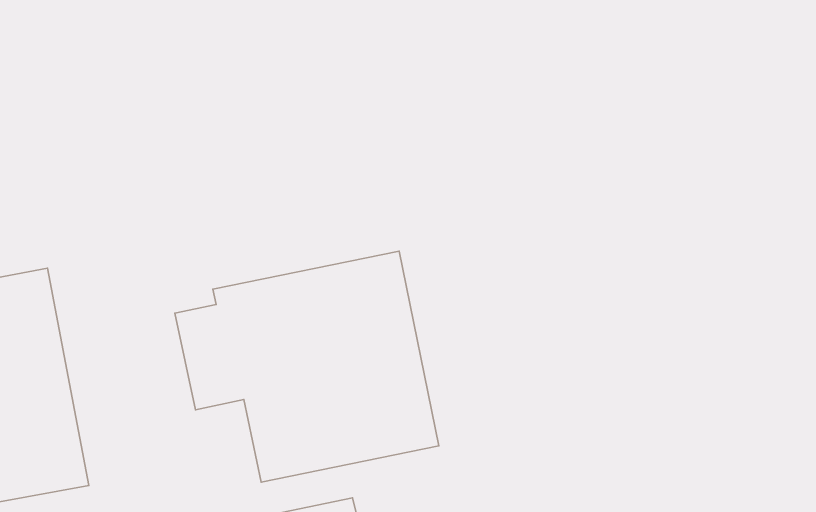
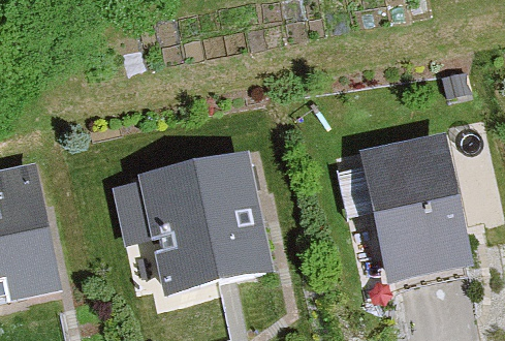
building: none -> [359,133,473,281]

